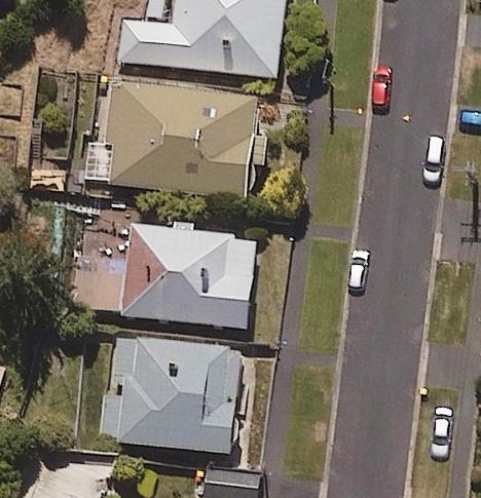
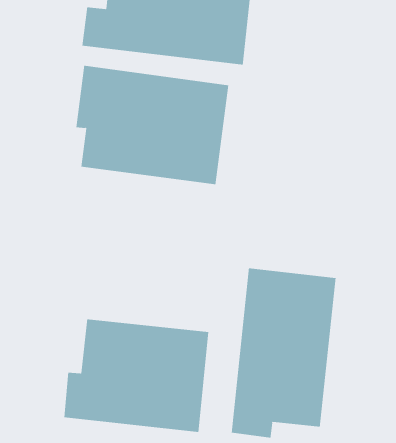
building: [119,221,260,330] -> none
building: none -> [231,267,336,438]

